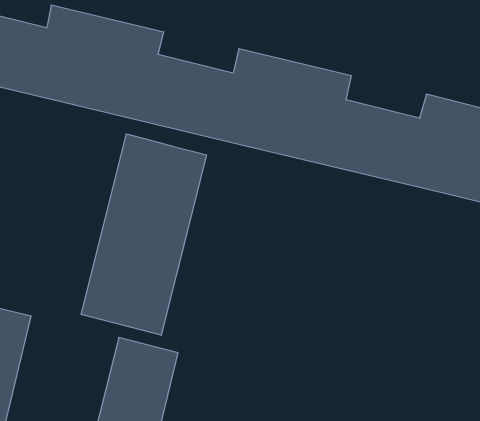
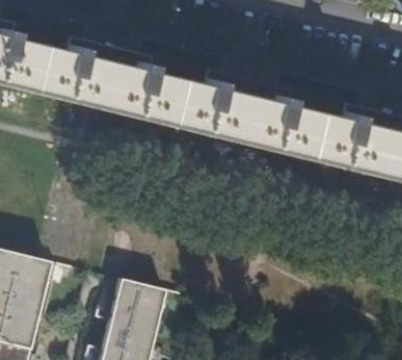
building: [81,134,207,335] -> none

